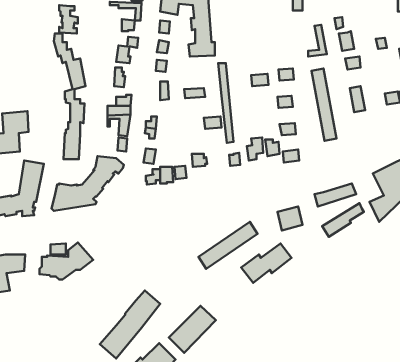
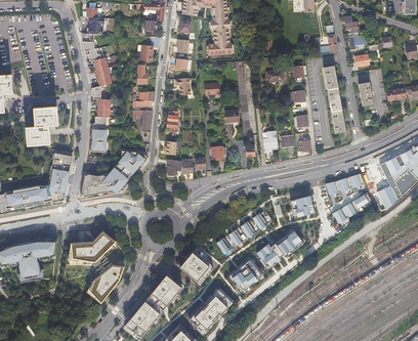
building: none -> [180,246,213,284]
building: none -> [231,257,263,290]
building: none -> [87,259,125,301]

